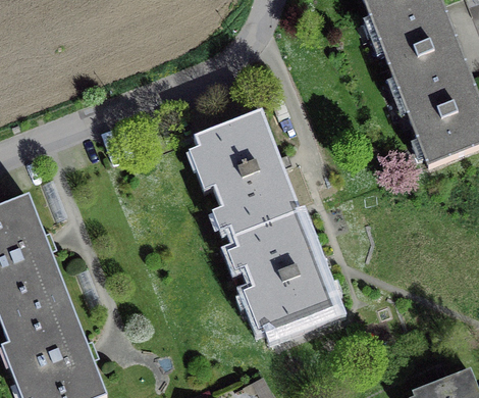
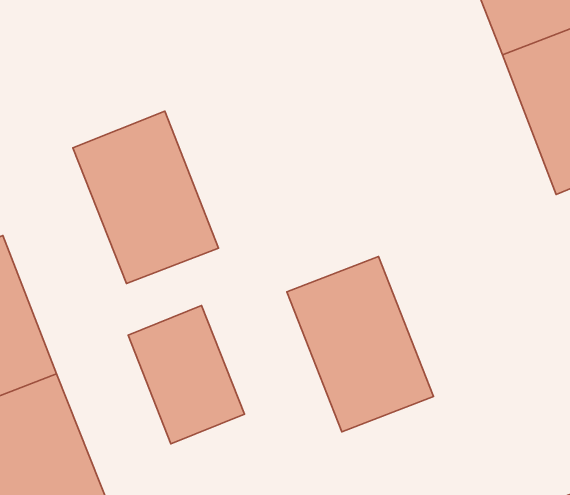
building: [194,111,299,236] -> [73,111,218,283]
building: none -> [128,305,244,444]

